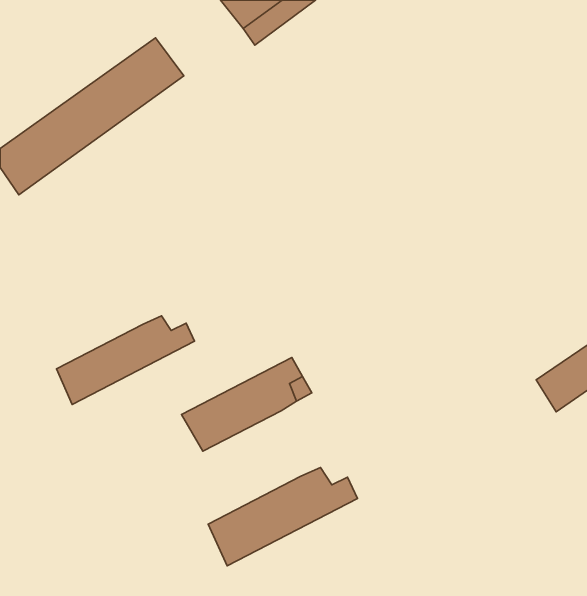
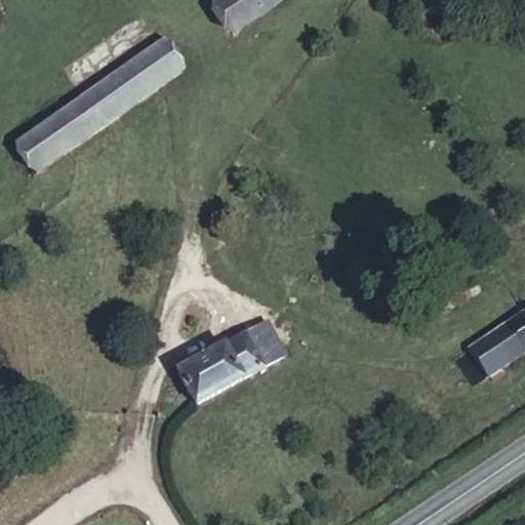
building: [56,316,194,404] -> none
building: [208,468,357,566] -> none

